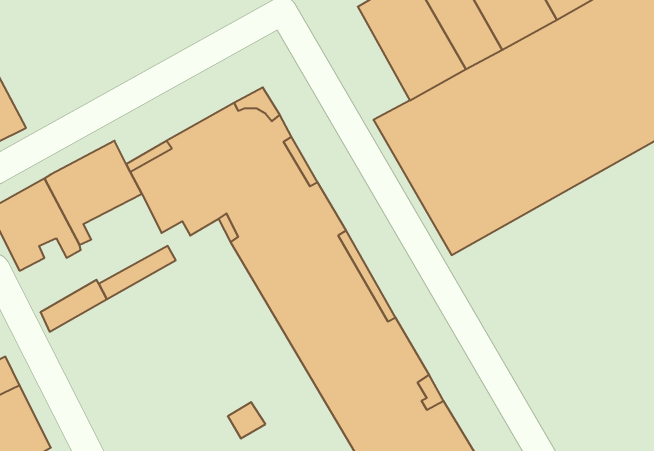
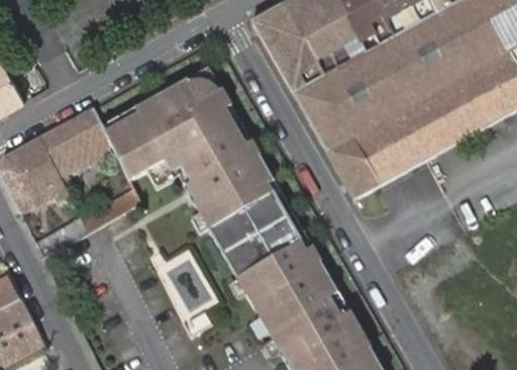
building: none -> [251,6,322,94]

